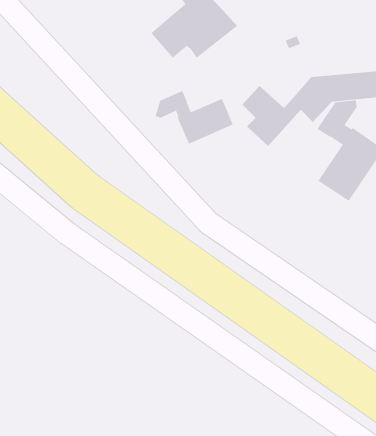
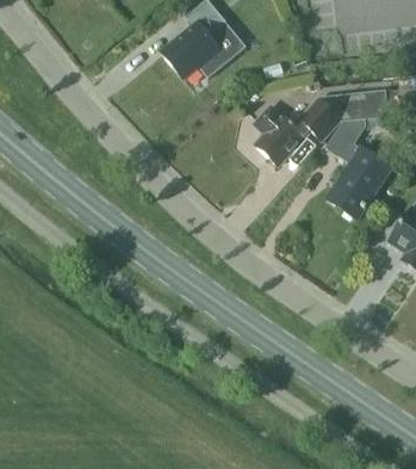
building: [155,90,233,144] -> none

